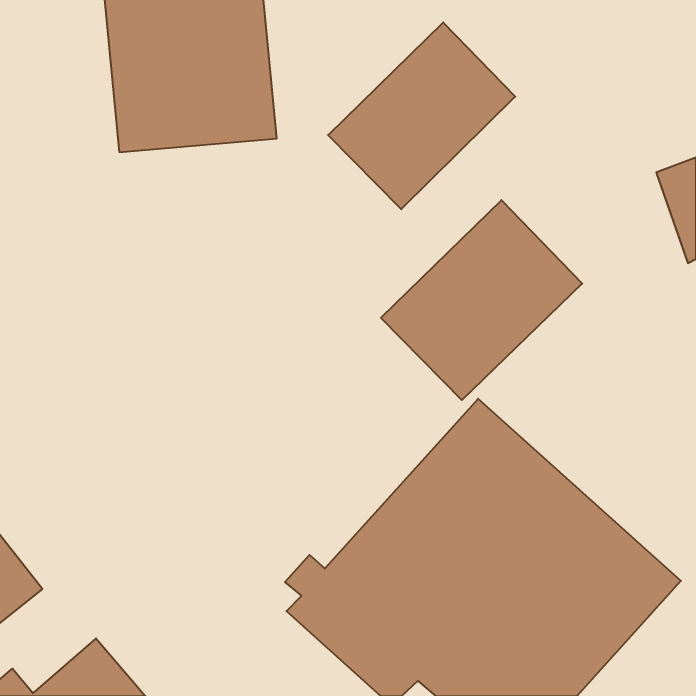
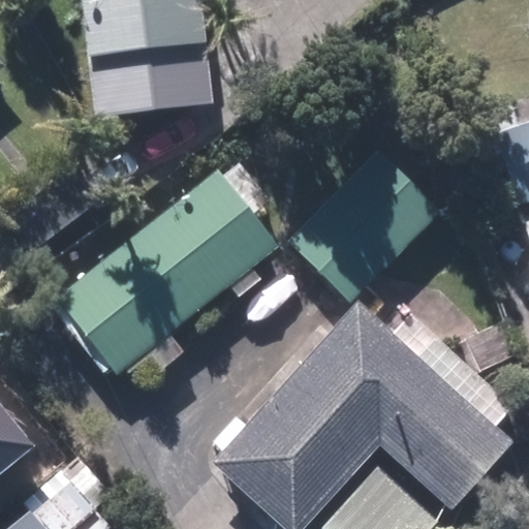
building: [328,22,515,209] -> none
building: none -> [68,168,280,370]

